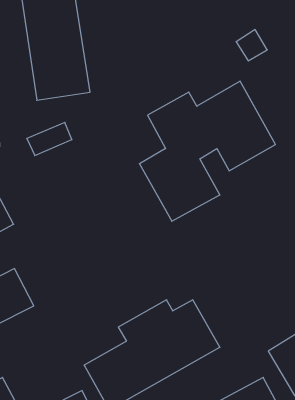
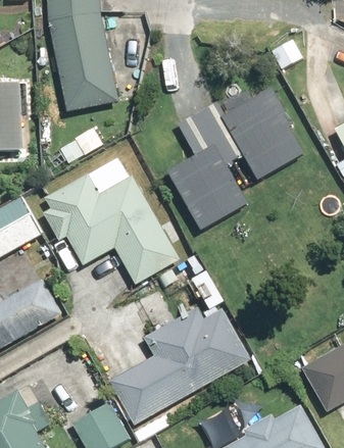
building: none -> [44,176,179,287]

